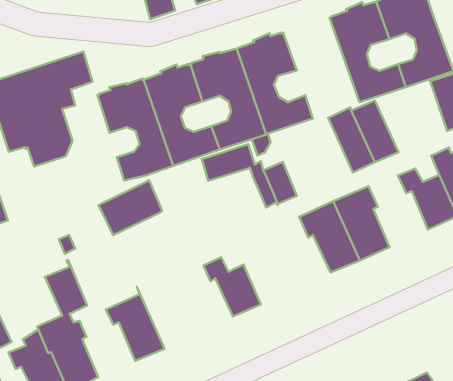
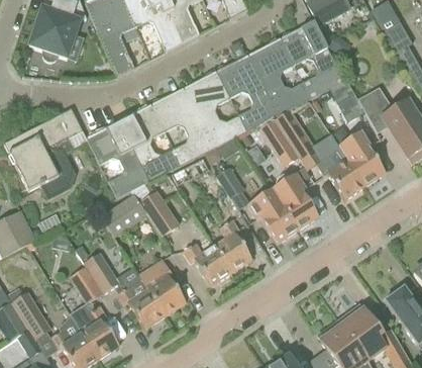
building: none -> [216,55,280,130]
building: none -> [131,182,180,238]
building: none -> [213,219,252,273]
building: none -> [84,252,119,293]
building: none -> [137,258,186,316]

